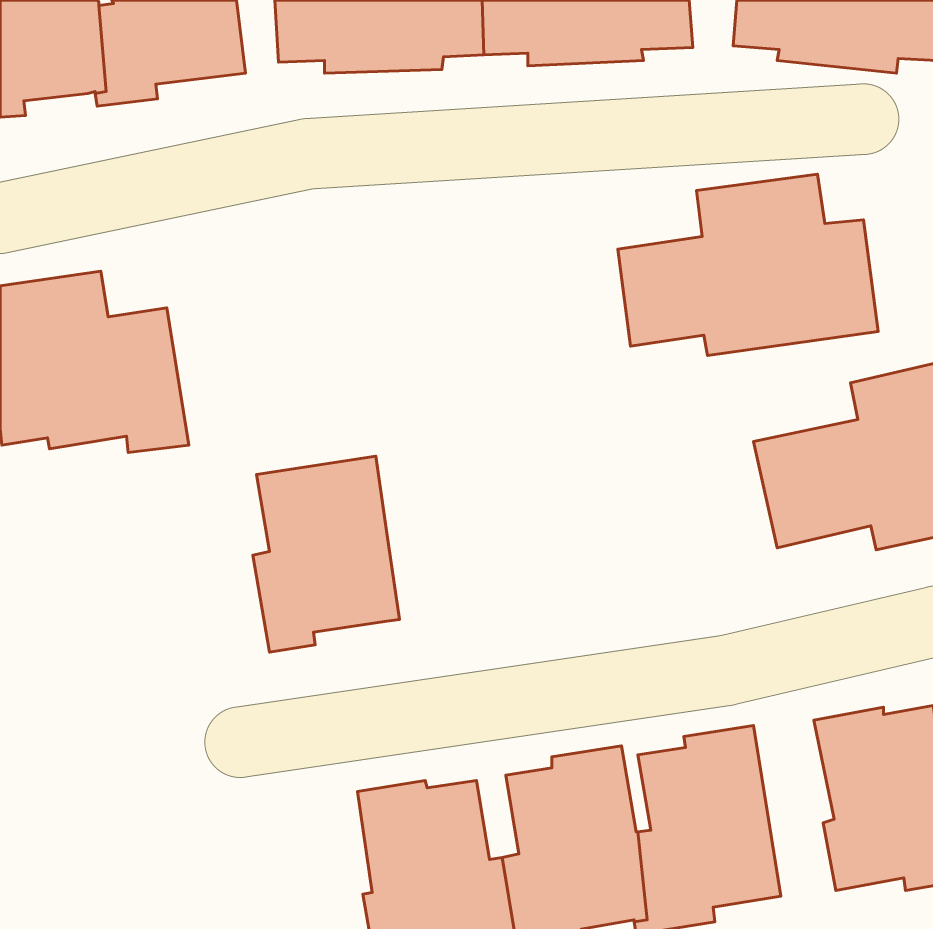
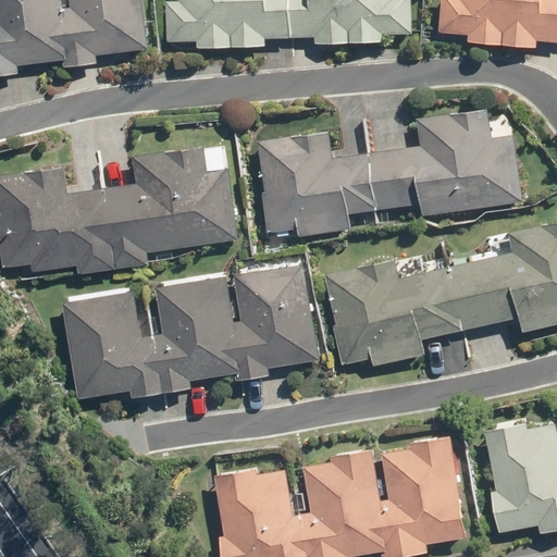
building: none -> [258,131,376,236]
building: none -> [101,145,237,269]
building: none -> [324,258,462,366]
building: none -> [232,263,320,382]
building: none -> [61,290,162,397]

